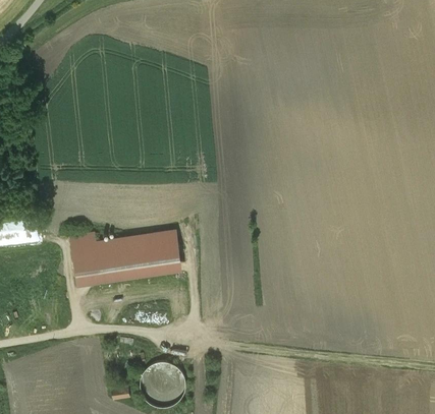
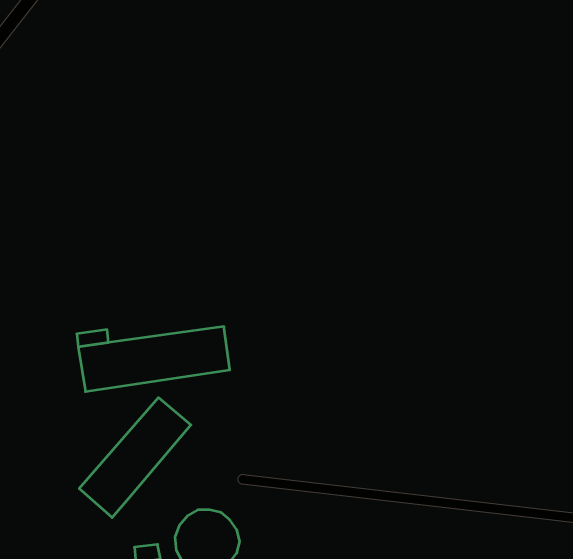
building: none -> [79,398,191,518]

